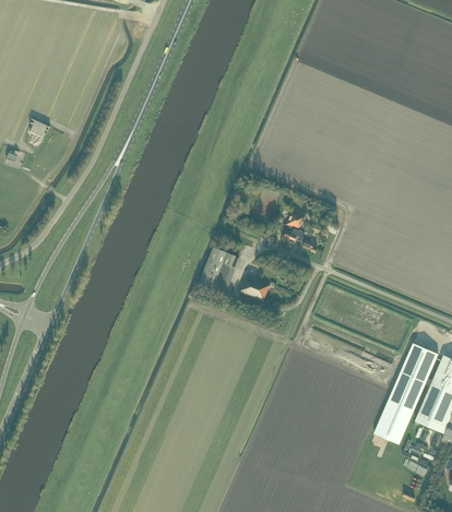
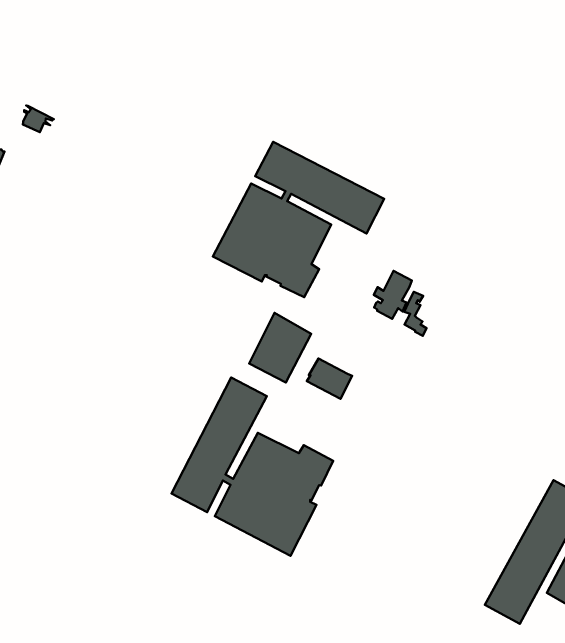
building: none -> [213,142,384,297]
building: none -> [172,378,333,556]

